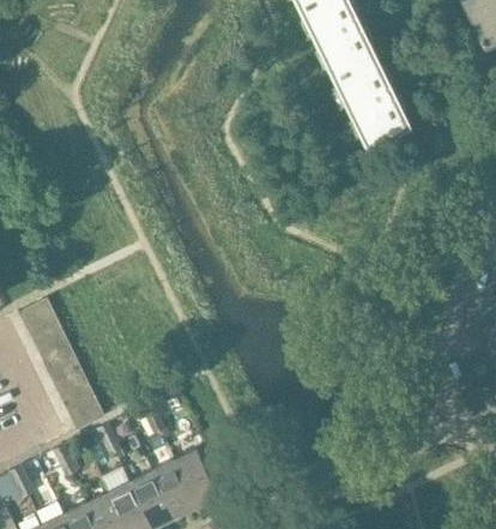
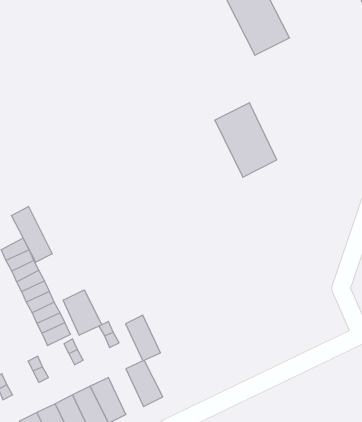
building: [332,52,409,144] -> [215,103,277,177]
building: none -> [11,206,52,262]
building: none -> [63,290,102,335]
building: [151,462,194,518] -> [126,315,160,361]

